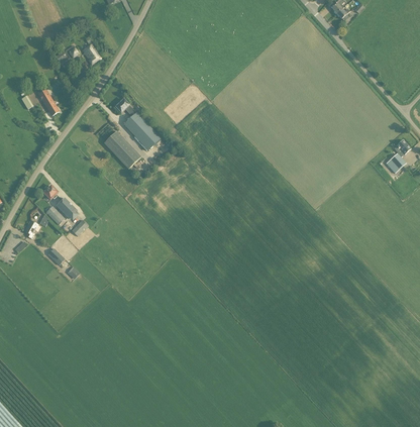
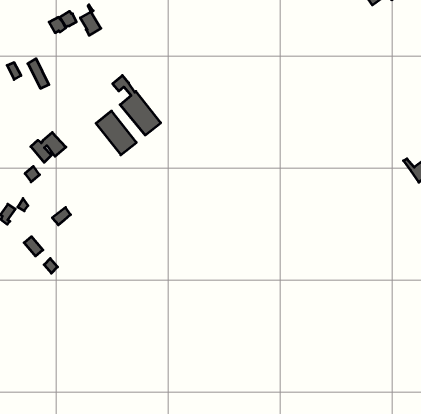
building: [44,197,76,224] -> [31,132,66,162]

